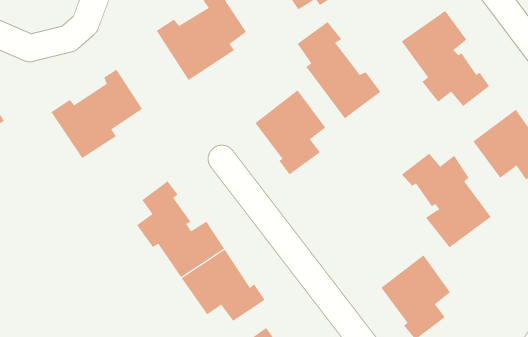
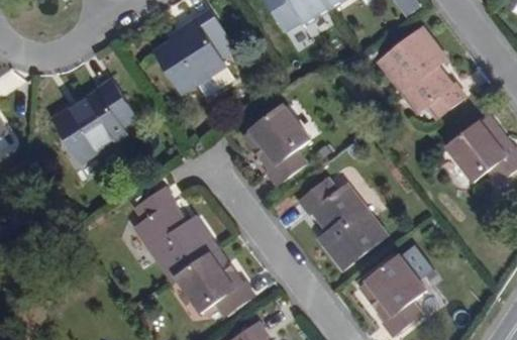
building: [297,21,381,119] -> none
building: [401,153,491,248] -> [296,176,380,264]

